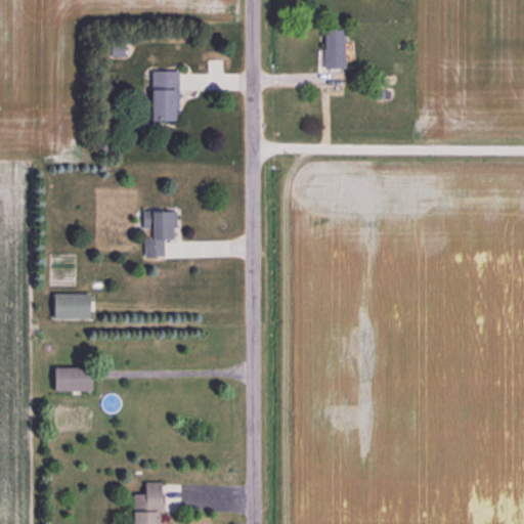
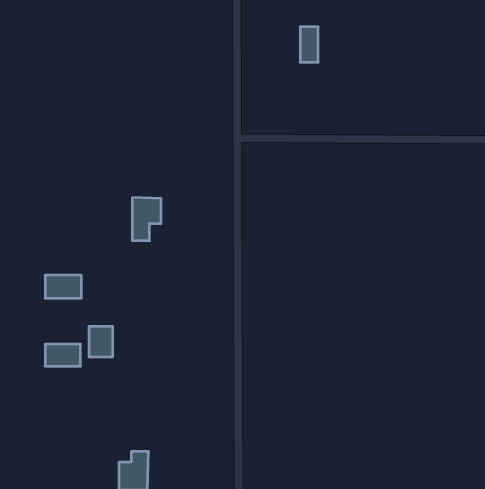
building: [151,70,180,121] -> none
building: none -> [89,326,113,357]

